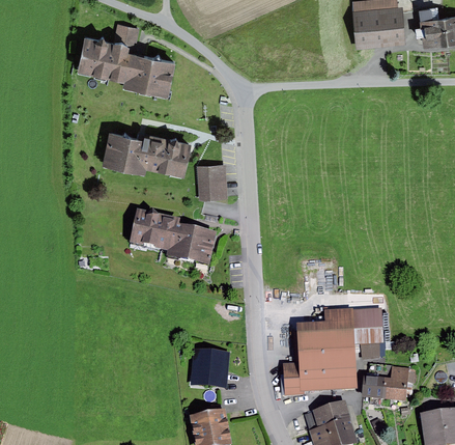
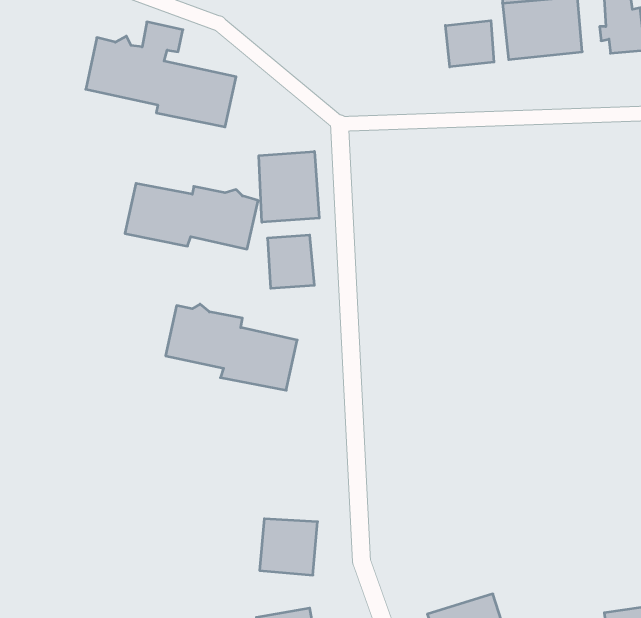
building: none -> [445,21,494,67]
building: none -> [259,151,319,222]
building: [283,308,383,396] -> none
building: [362,365,415,402] -> none

